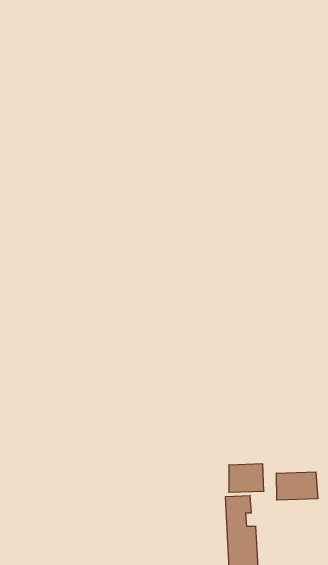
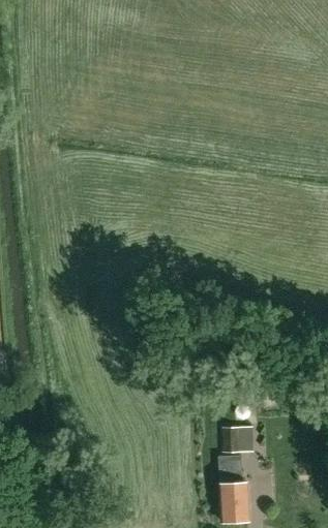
building: [276,472,318,500] -> none

